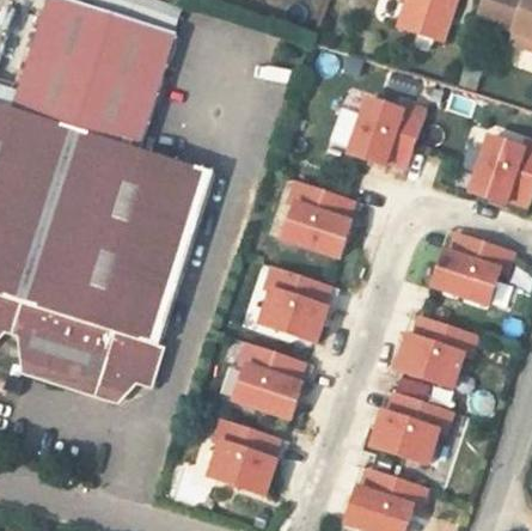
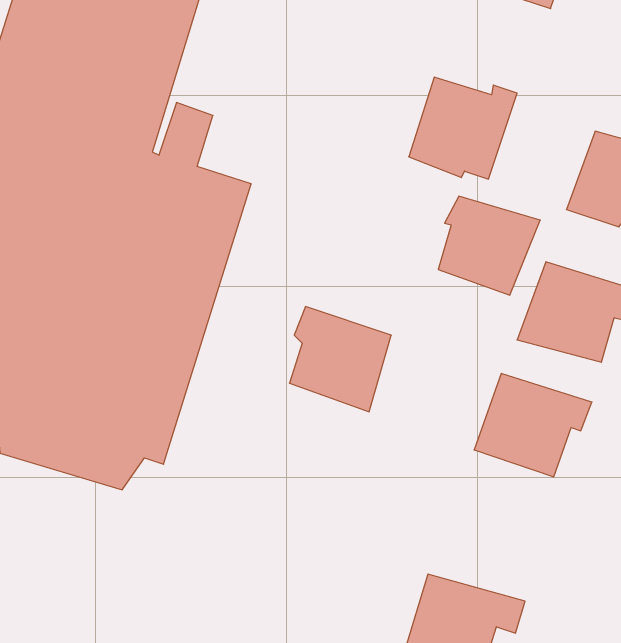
building: [279,181,355,255] -> [438,196,540,295]
building: [230,340,305,419] -> none
building: [363,389,453,480] -> none
building: [201,415,281,495] -> none

